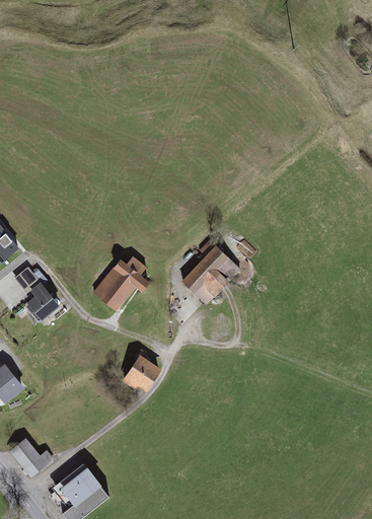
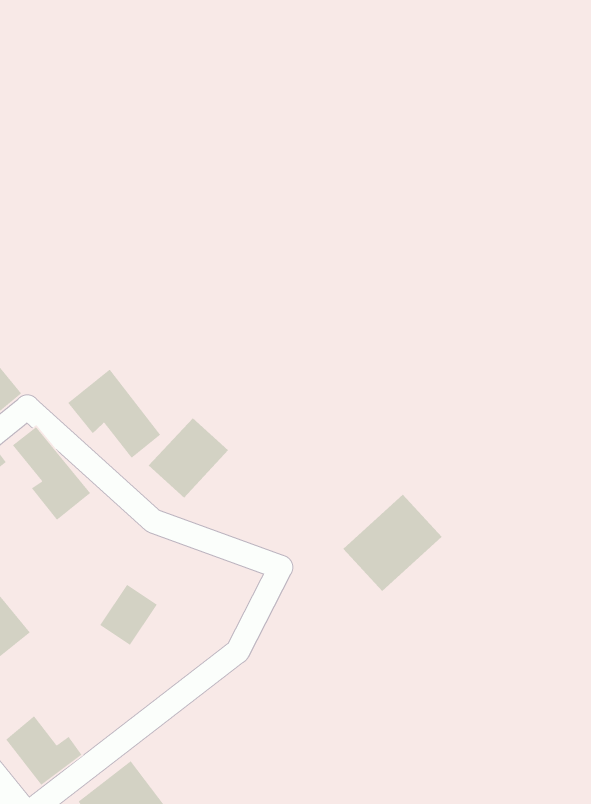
building: none -> [67,369,161,459]
building: [183,247,242,305] -> [343,494,442,592]
building: [125,357,159,393] -> [99,584,158,646]

